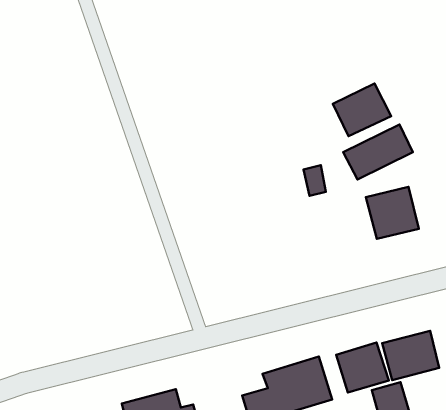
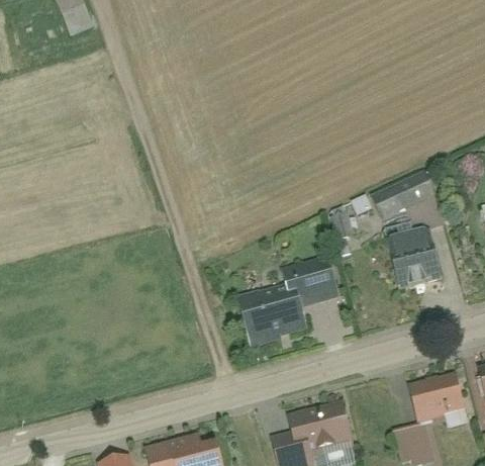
building: [333,83,391,136] -> none
building: none -> [236,251,340,342]
building: [336,342,389,392] -> none

